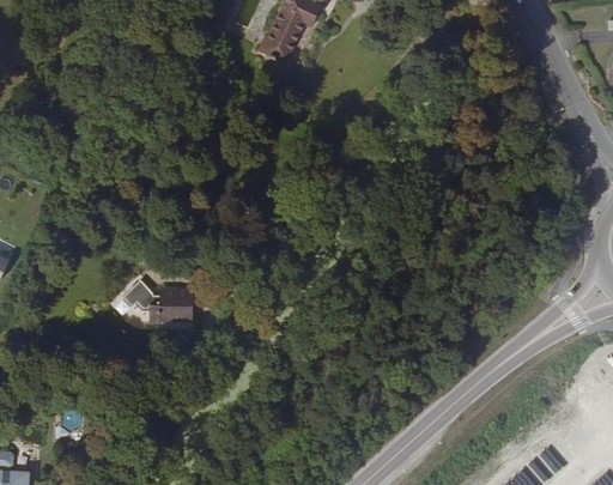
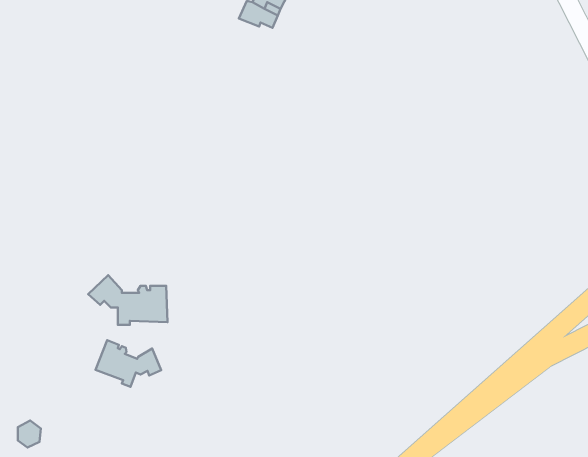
building: none -> [95,340,161,387]

